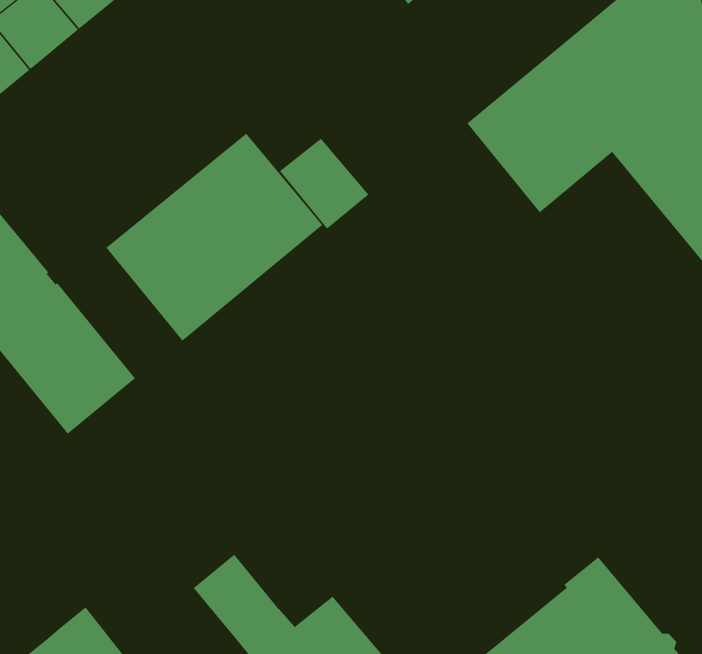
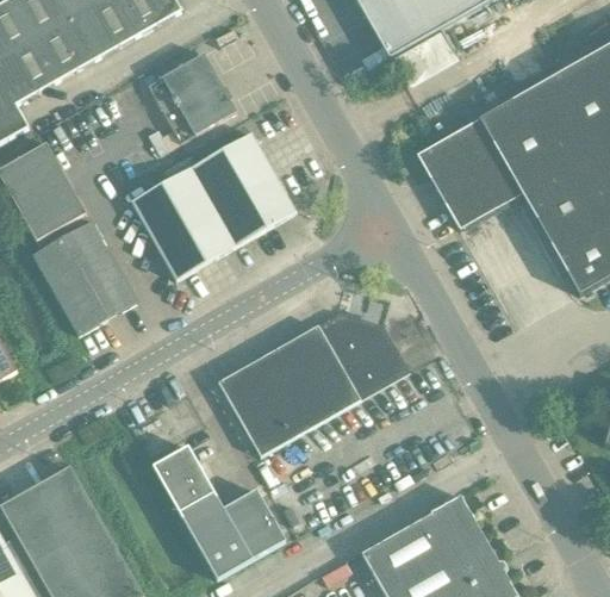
building: none -> [147,52,236,143]
building: [279,138,369,229] -> none
building: none -> [218,312,410,456]

